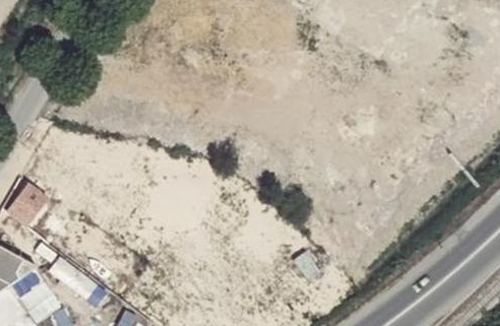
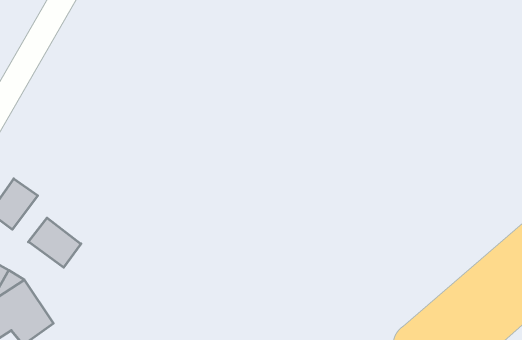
building: none -> [28,218,81,267]

